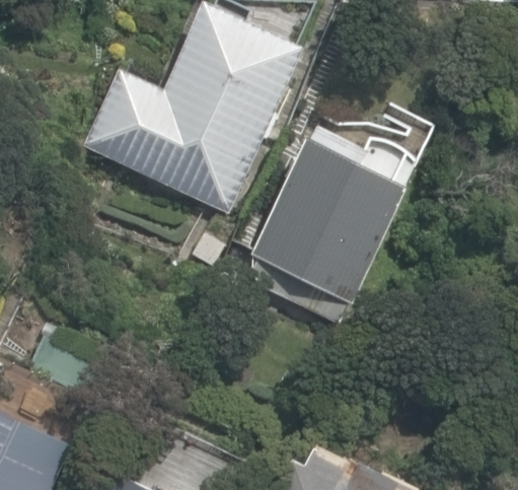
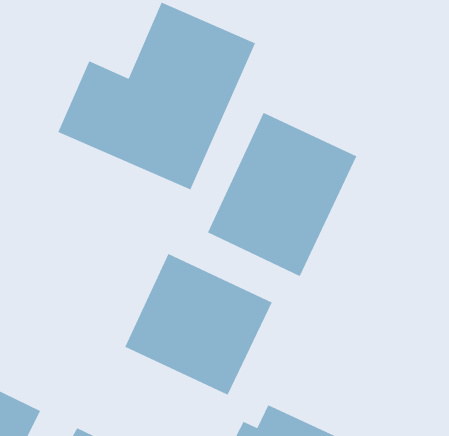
building: none -> [124,253,272,396]

